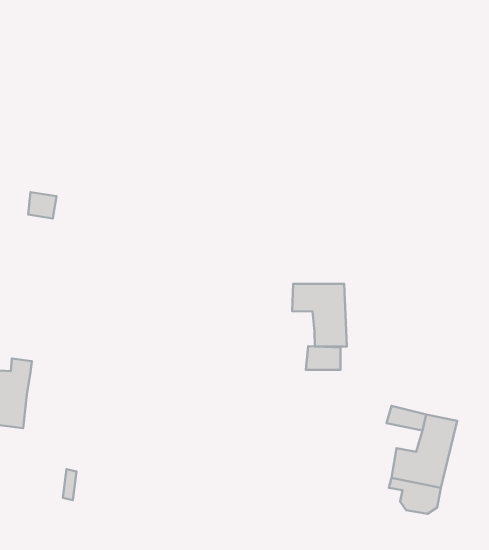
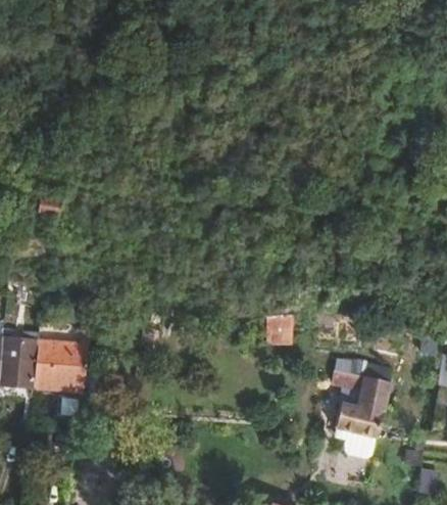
building: [292,284,347,346] -> none
building: none -> [32,339,87,414]

